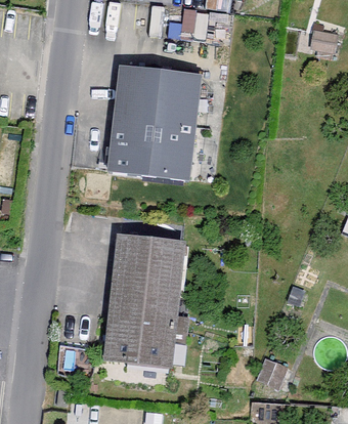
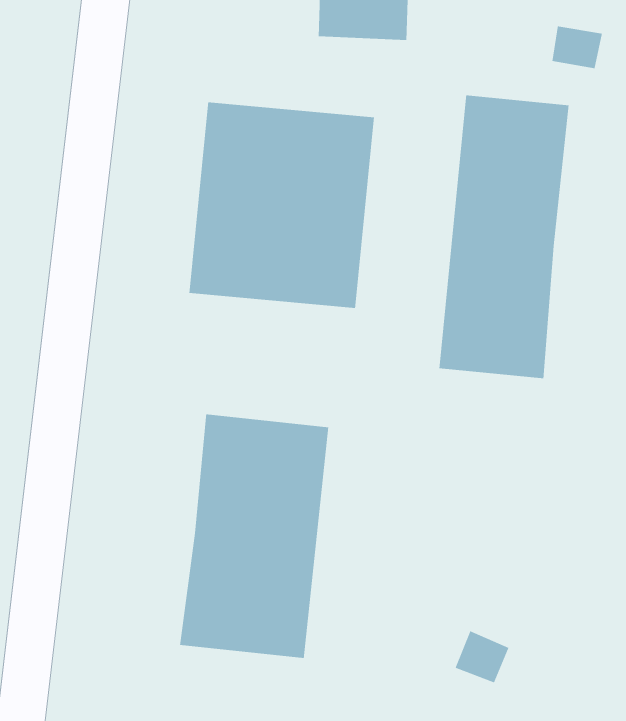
building: none -> [439,95,570,379]

